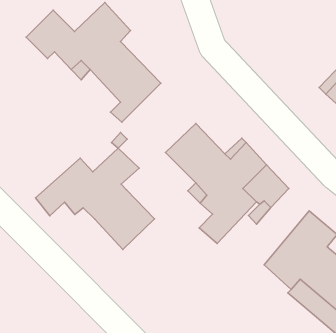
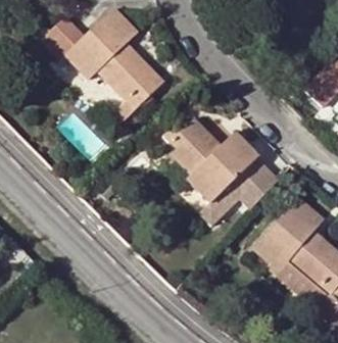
building: [36,148,154,249] -> none

